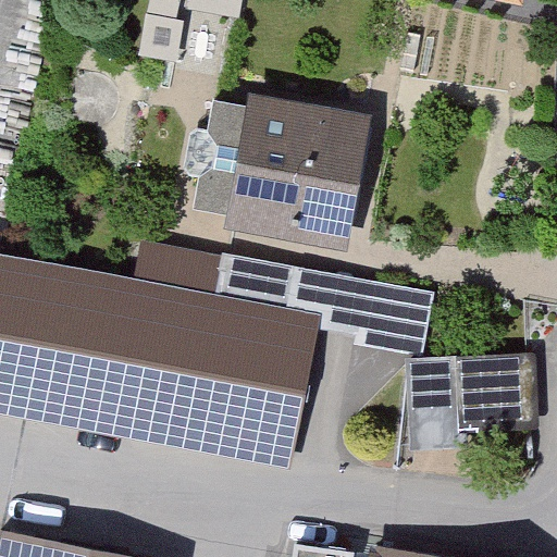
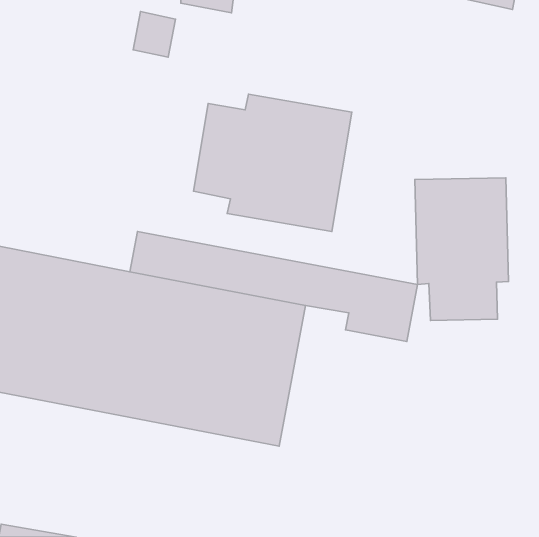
building: none -> [415,178,509,321]
building: [409,362,535,462] -> none

